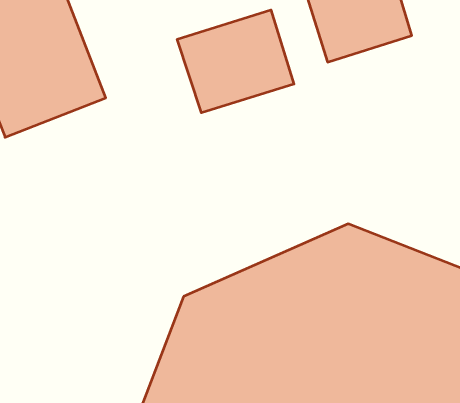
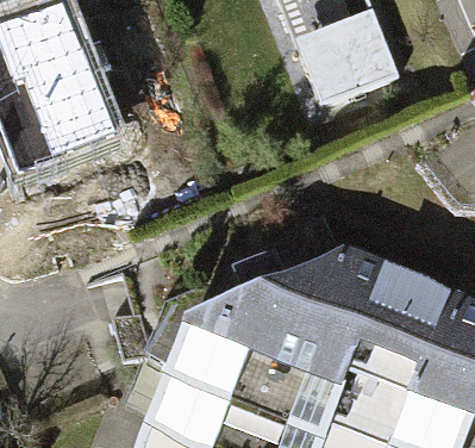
building: [177,10,294,113] -> none

